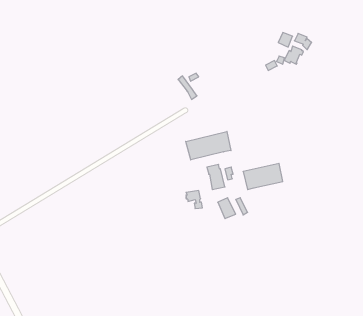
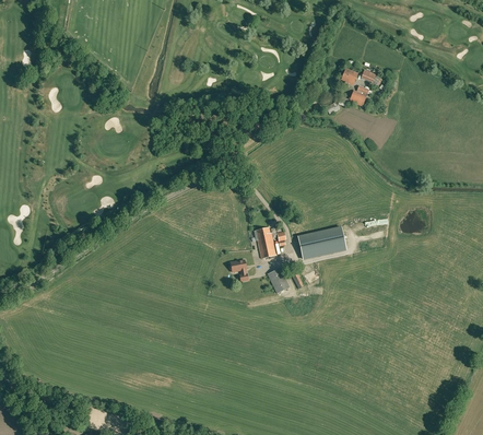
building: [186,131,231,160] -> none

